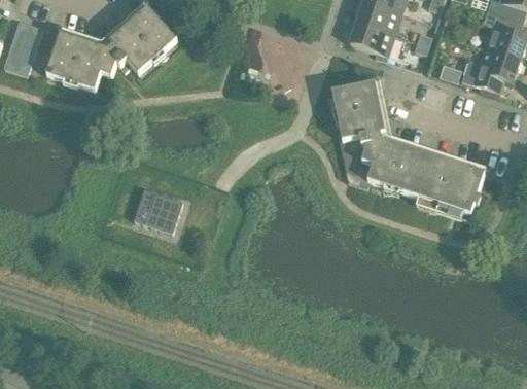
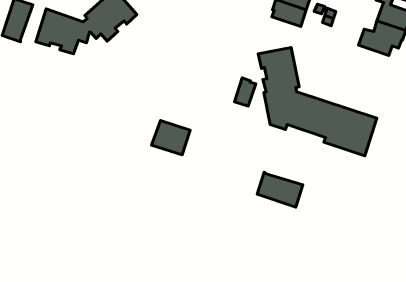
building: none -> [234,78,256,106]
building: [134,186,183,231] -> [152,120,190,155]
building: none -> [257,172,303,207]

